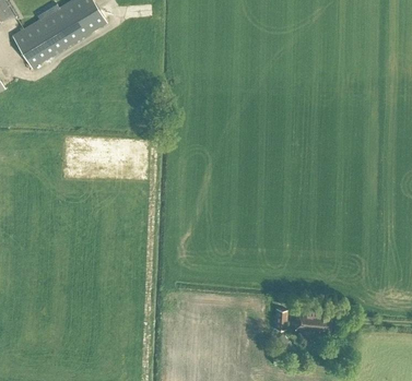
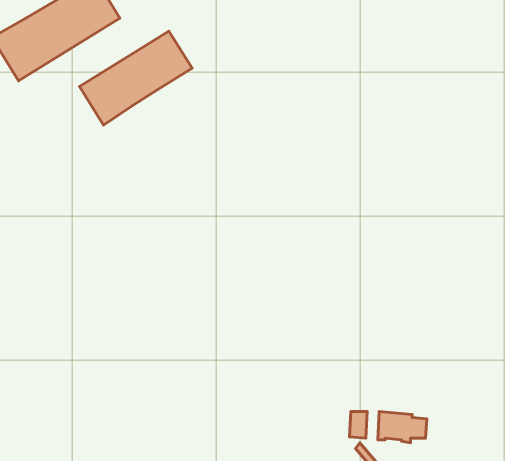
building: none -> [79,31,192,125]

